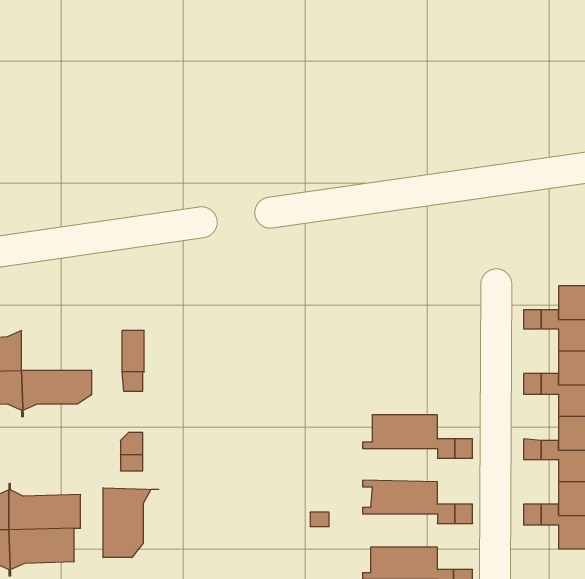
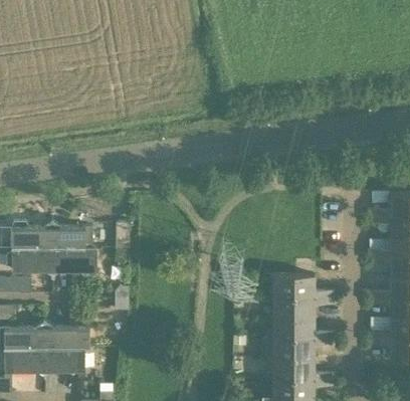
building: none -> [52,219,92,248]
building: none -> [267,297,315,319]
building: [103,488,159,558] -> none
building: none -> [267,339,315,360]

